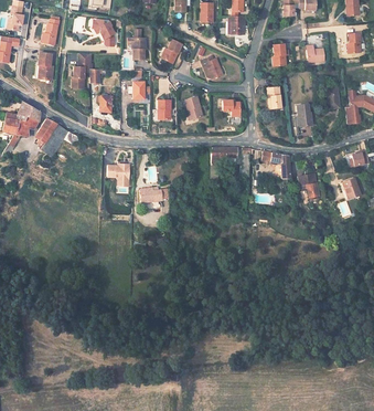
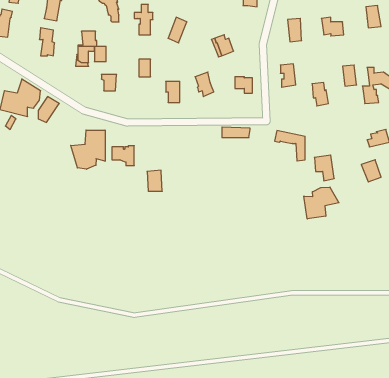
building: none -> [71,130,105,169]
building: none -> [304,187,339,219]

